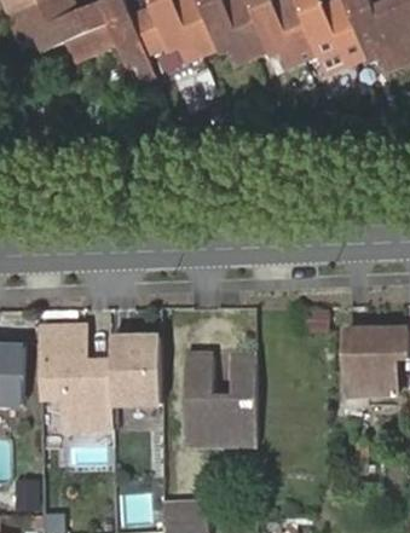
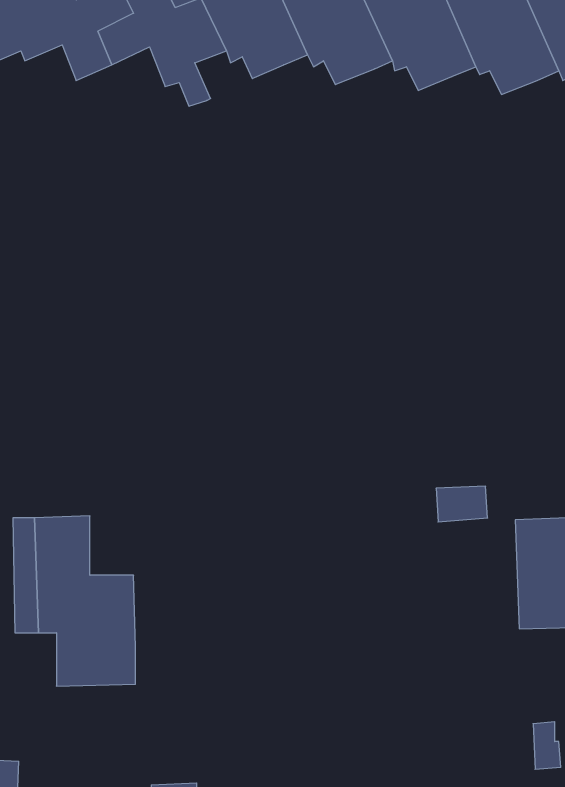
building: [109,340,160,407] -> none
building: [183,352,255,444] -> none

